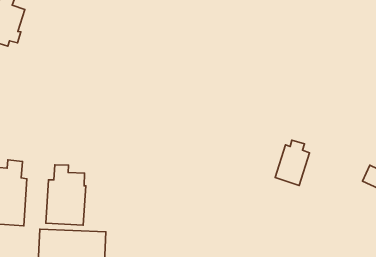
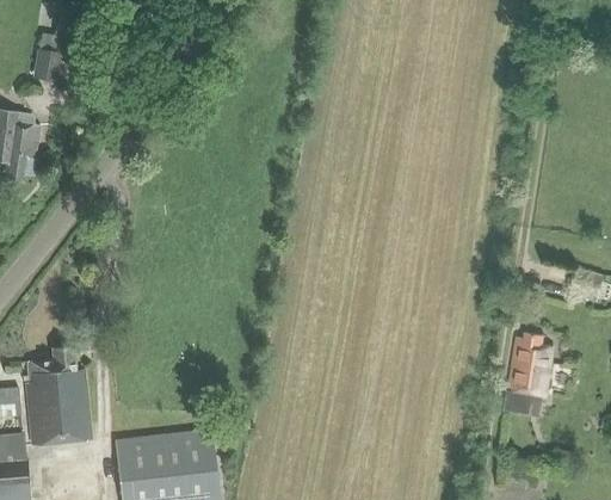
building: [275,140,310,186] -> [507,334,551,399]
building: [46,165,86,225] -> none

